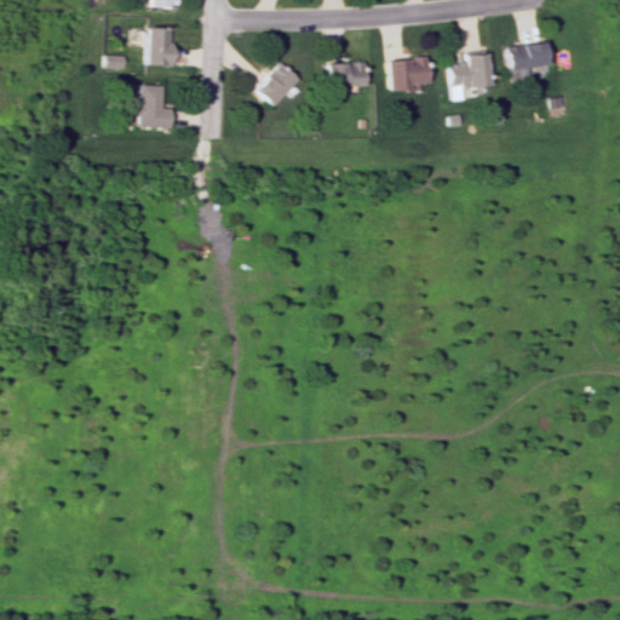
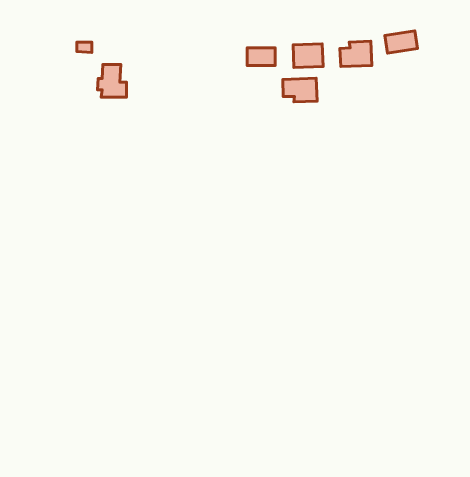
building: [149,28,176,65] -> none
building: [258,63,302,107] -> none
building: none -> [283,78,317,102]

